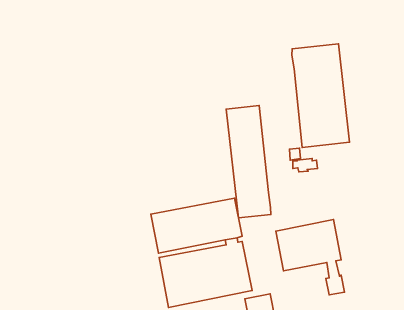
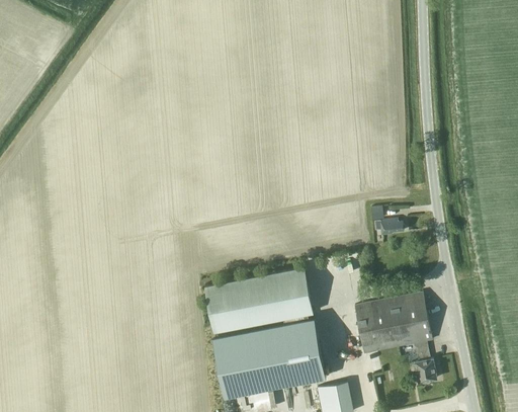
building: [292,44,350,148] -> none
building: [226,105,271,218] -> none

